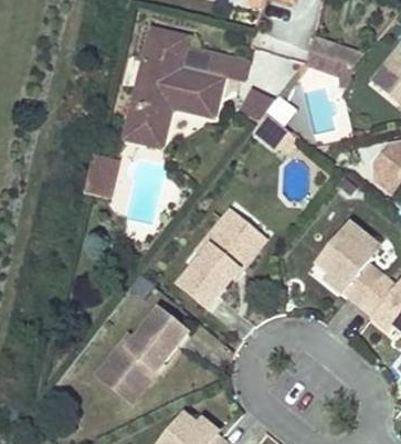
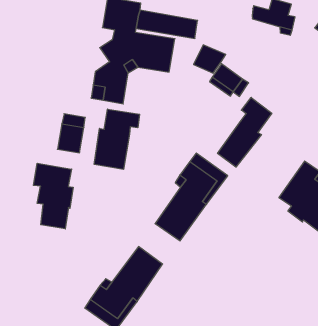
building: none -> [218,97,272,167]
building: none -> [94,109,140,169]
building: none -> [33,163,73,229]

